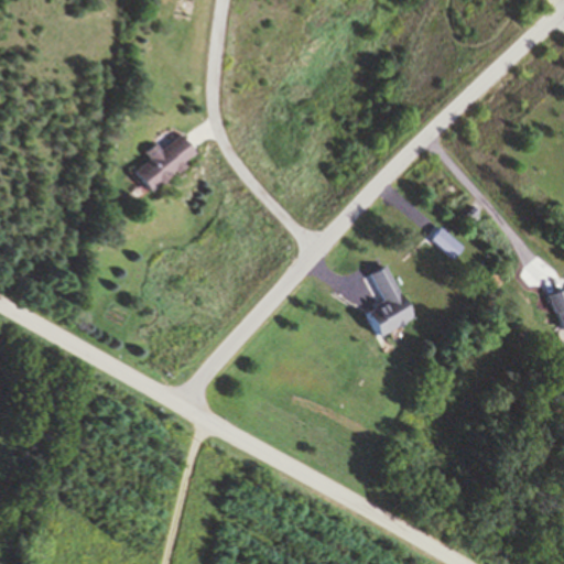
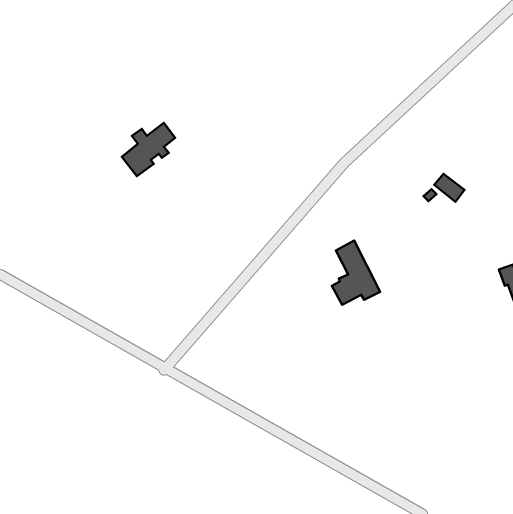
building: [430,227,463,258] -> [434,174,464,202]

